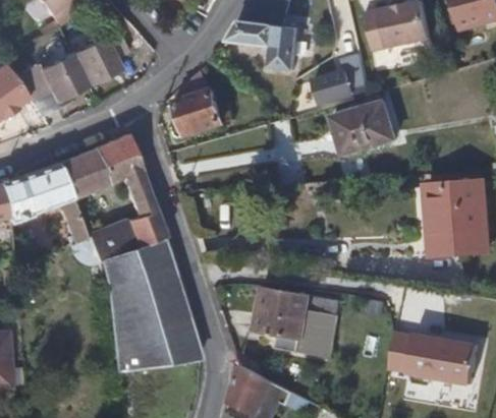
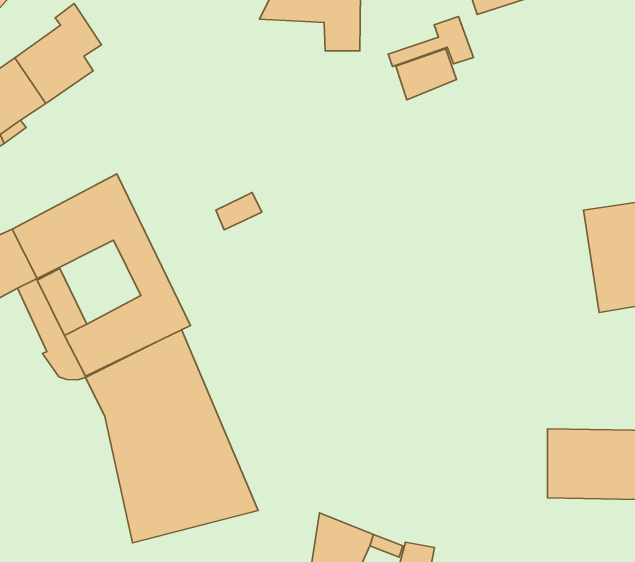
building: [177,72,225,136] -> none
building: [333,103,397,165] -> none
building: [254,288,337,360] -> none

